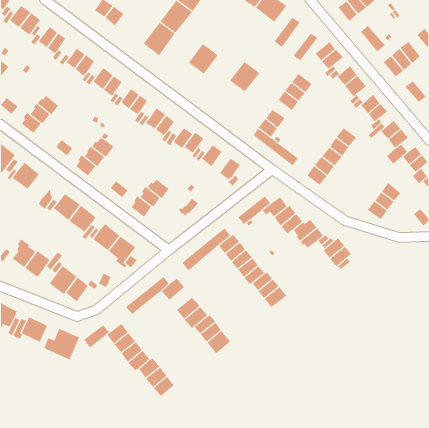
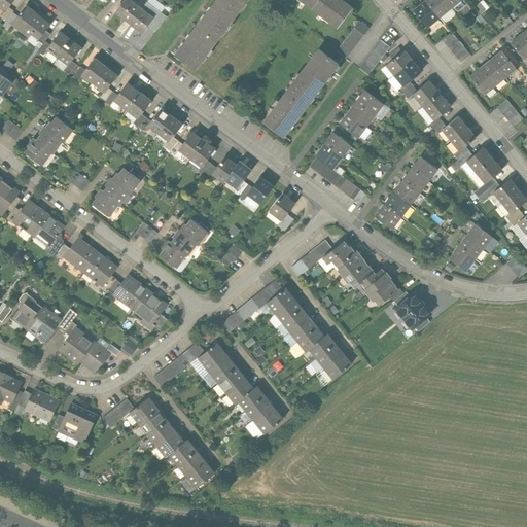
building: none -> [300,51,338,90]
building: [188,43,218,74] -> [264,99,301,137]
building: none -> [34,214,65,245]
building: none -> [207,352,236,380]

